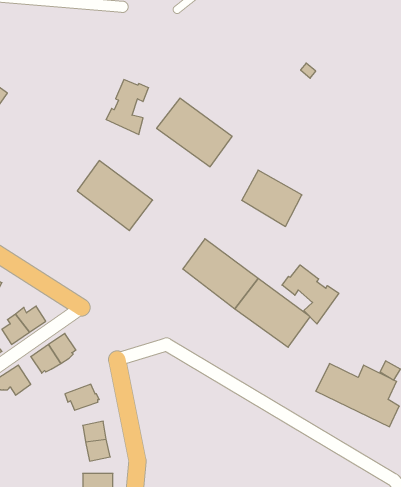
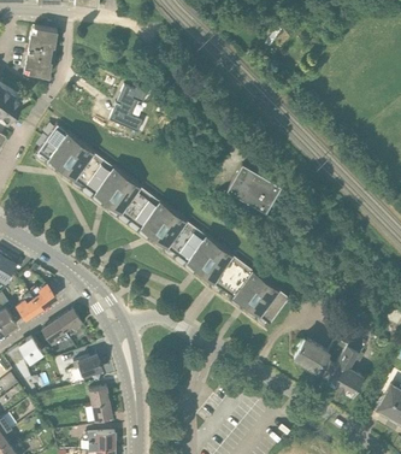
building: none -> [24,29,59,78]
building: [157,98,232,167] -> [129,194,195,254]
building: none -> [36,125,102,185]
building: [282,265,339,324] -> none

